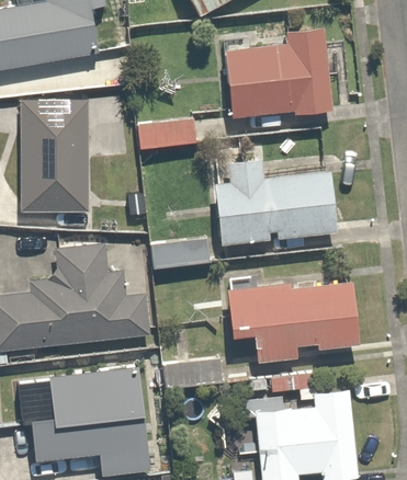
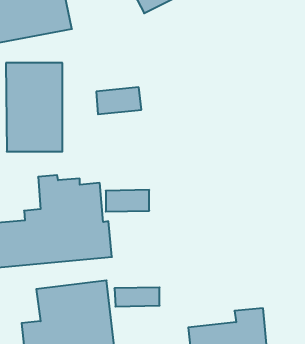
building: [212,32,326,125] -> none
building: [204,171,327,258] -> none
building: [224,286,355,367] -> none

